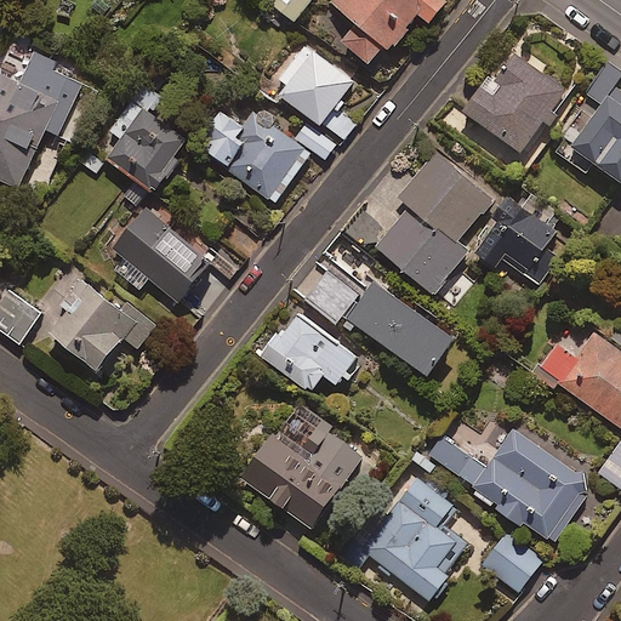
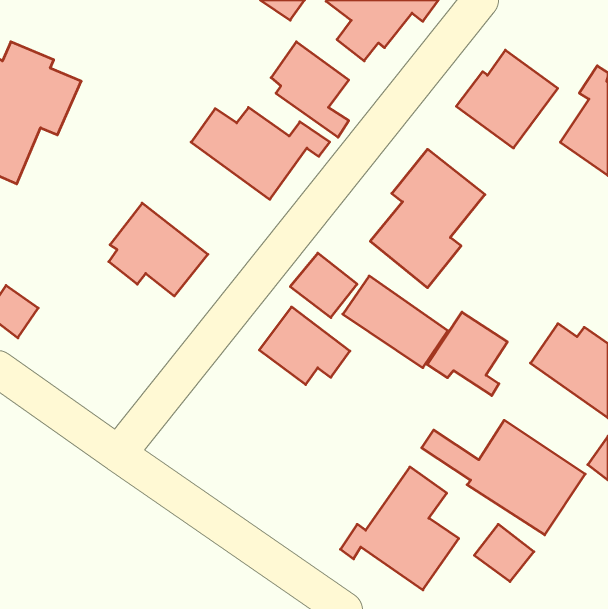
building: [106,87,190,193] -> none
building: [474,200,556,285] -> [427,312,507,396]
building: [50,277,154,370] -> none
building: [239,408,365,530] -> none

